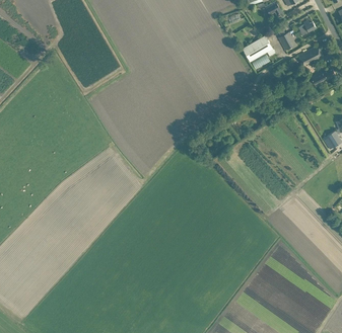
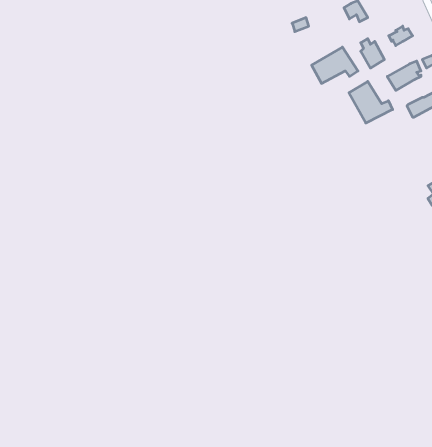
building: none -> [349,81,393,123]

